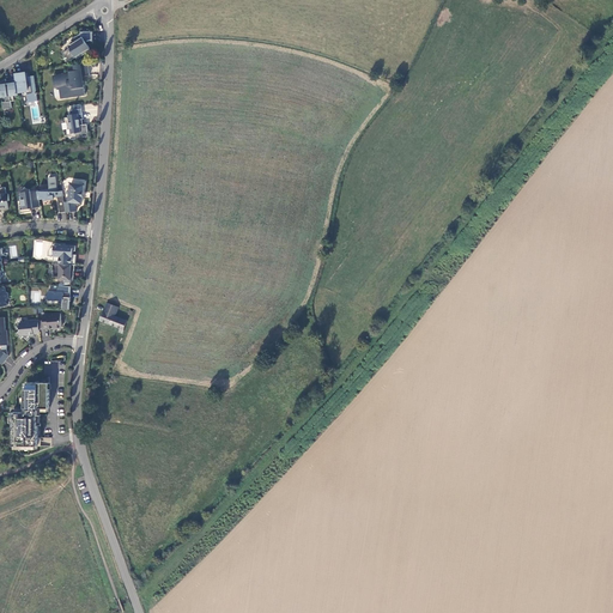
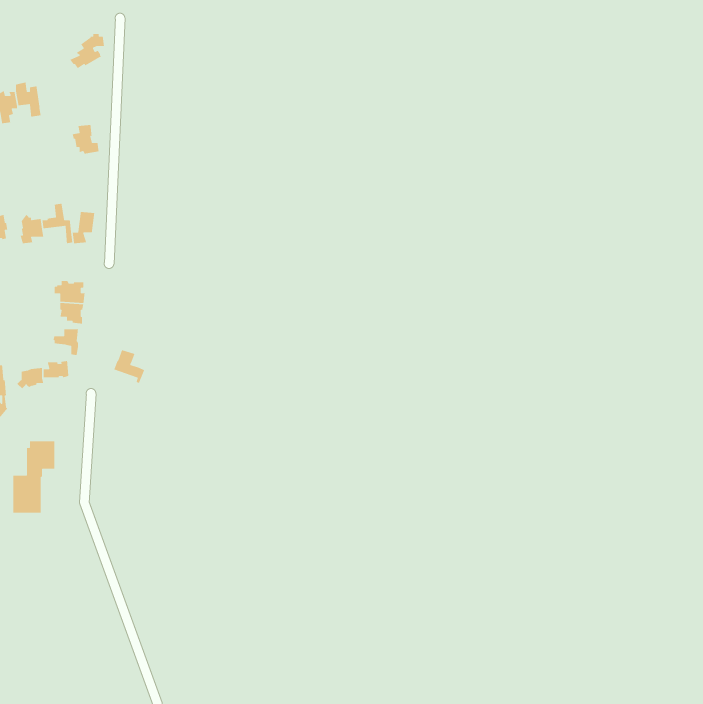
building: [51,62,87,98] -> none

